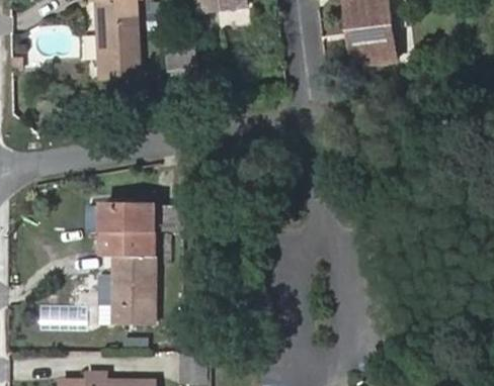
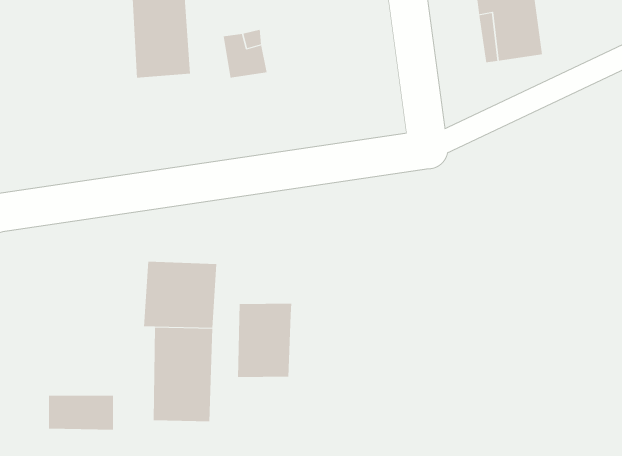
building: none -> [238,303,292,378]

